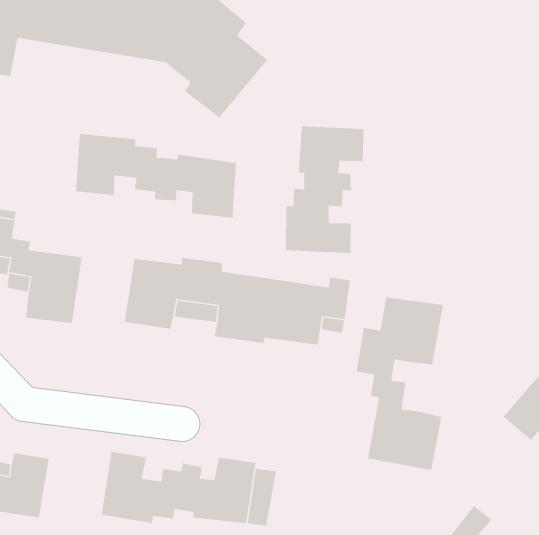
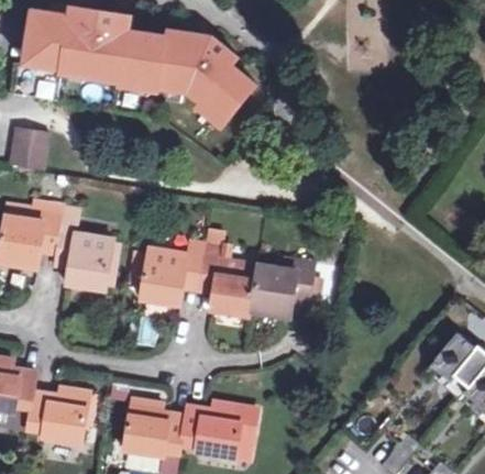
building: [285,126,364,254] -> none
building: [75,133,237,219] -> none
building: [356,297,444,471] -> none

